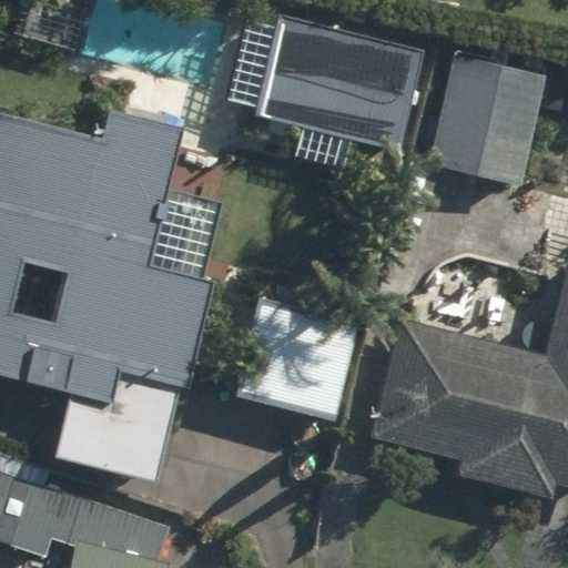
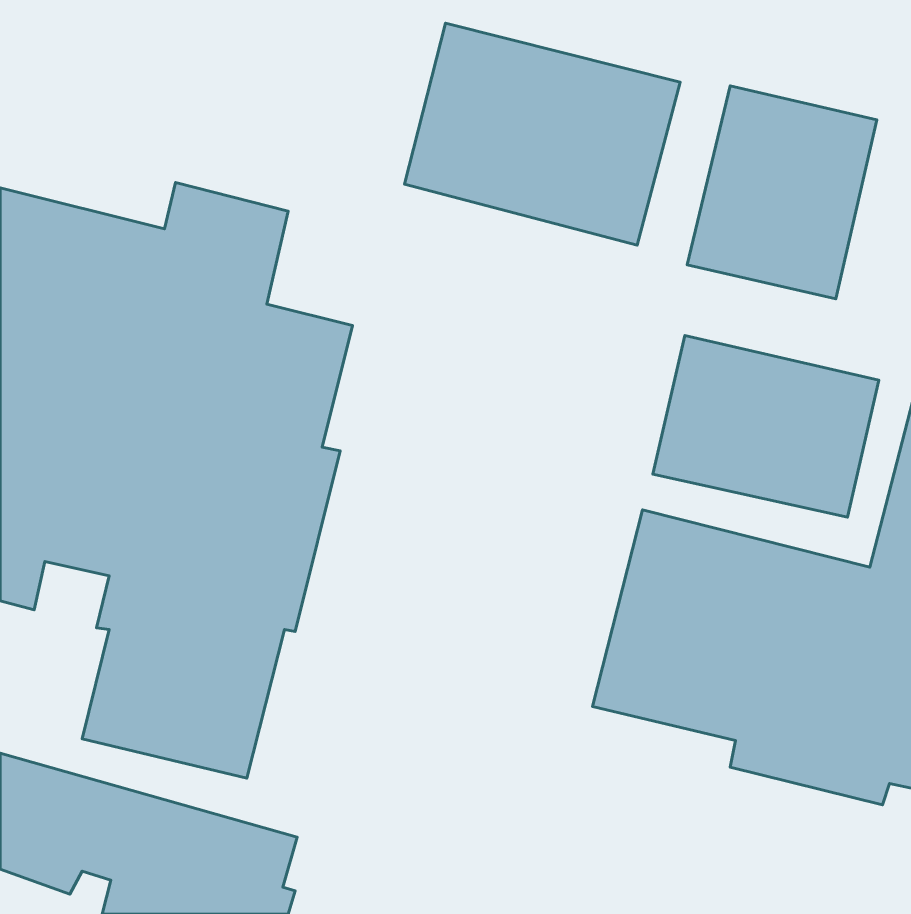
building: none -> [653,335,879,517]
building: [232,300,357,422] -> none

